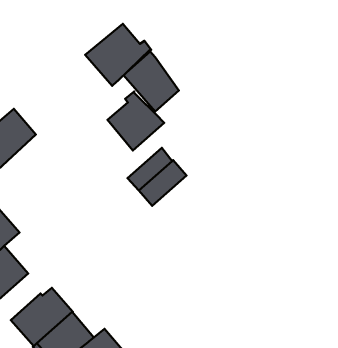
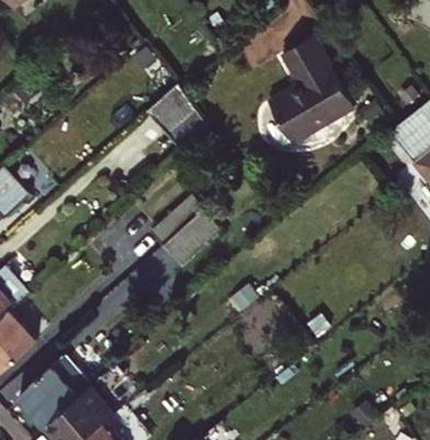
building: none -> [268,37,354,144]
building: [85,24,151,86] -> none
building: [108,92,164,150] -> none

